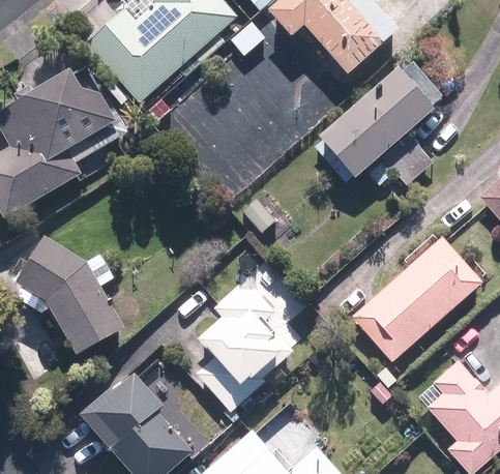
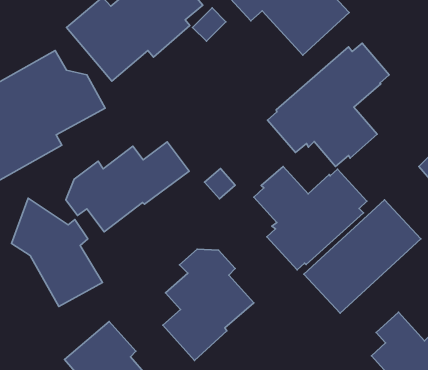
building: none -> [66,142,189,232]
building: none -> [254,166,367,270]

